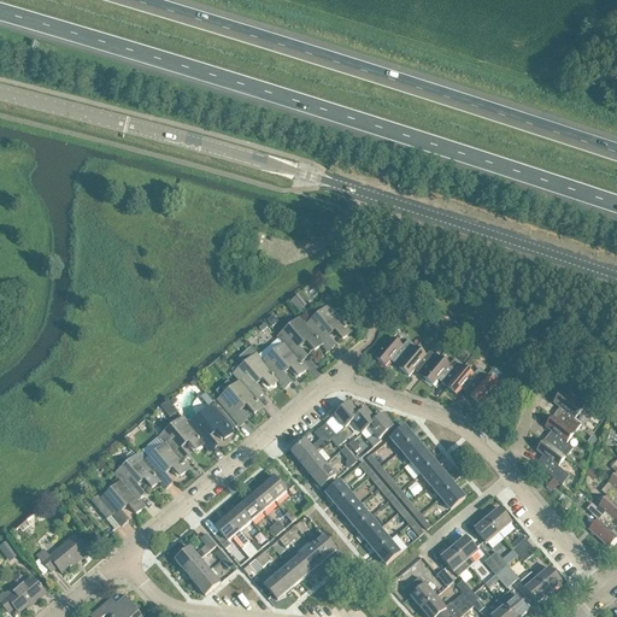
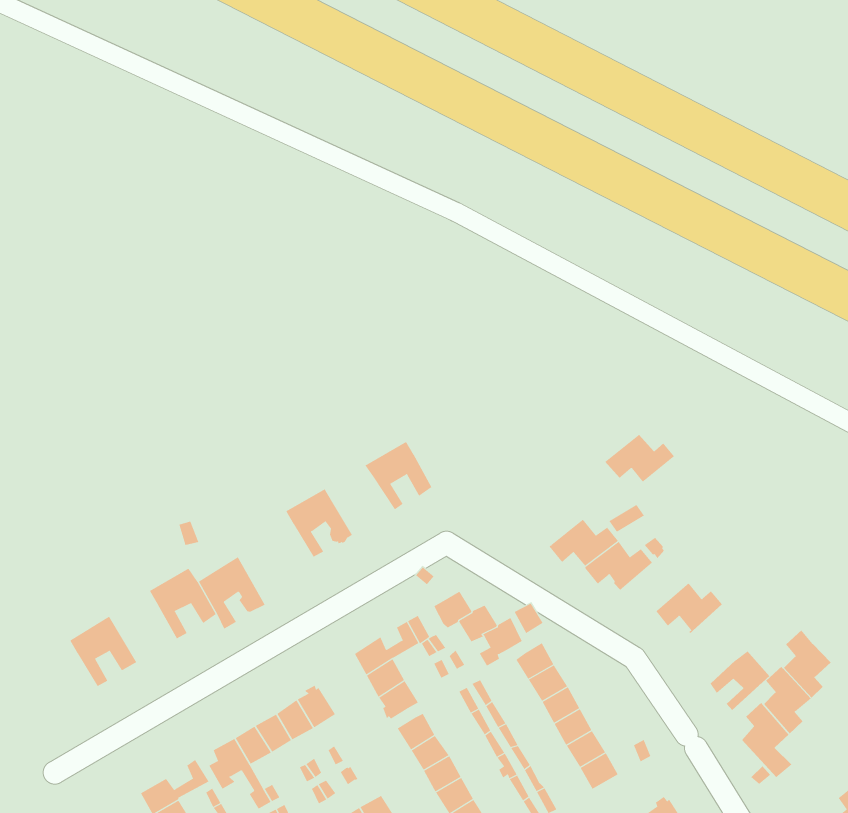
building: [306,304,349,348] -> none
building: [374,335,416,364] -> [605,434,675,482]
building: [262,341,306,386] -> none
building: [446,364,487,393] -> none
building: [217,378,262,423] -> none
building: none -> [710,650,770,711]
building: [137,441,188,487] -> none
building: [92,480,143,524] -> none

